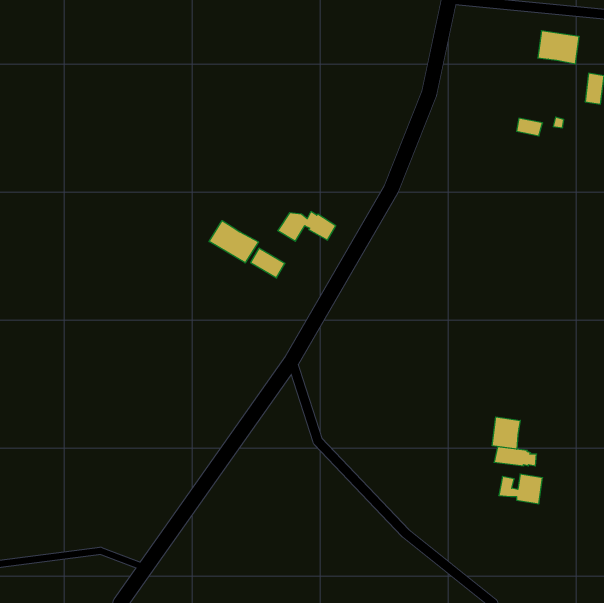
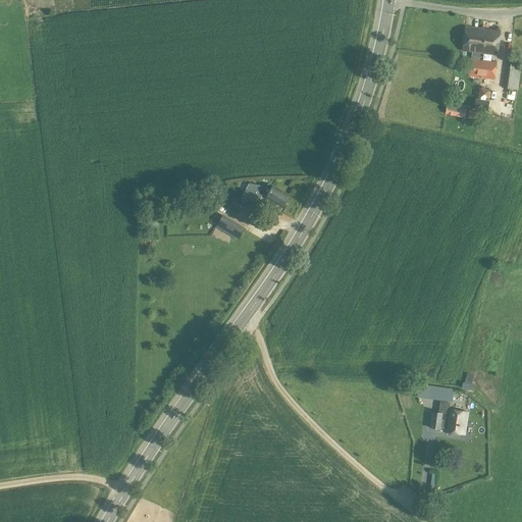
building: none -> [470,51,497,85]
building: [209,221,258,263] -> none
building: [492,417,520,449] -> none

